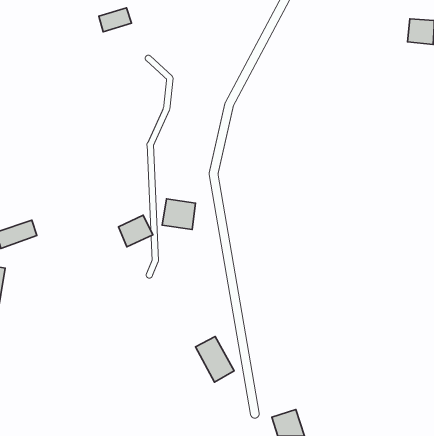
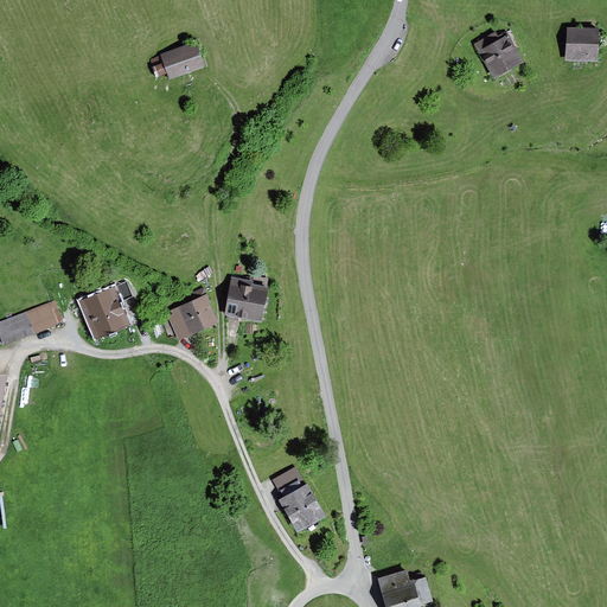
building: [99,8,132,32] -> [160,44,205,77]
building: none -> [474,27,524,79]
building: none -> [81,288,128,337]

